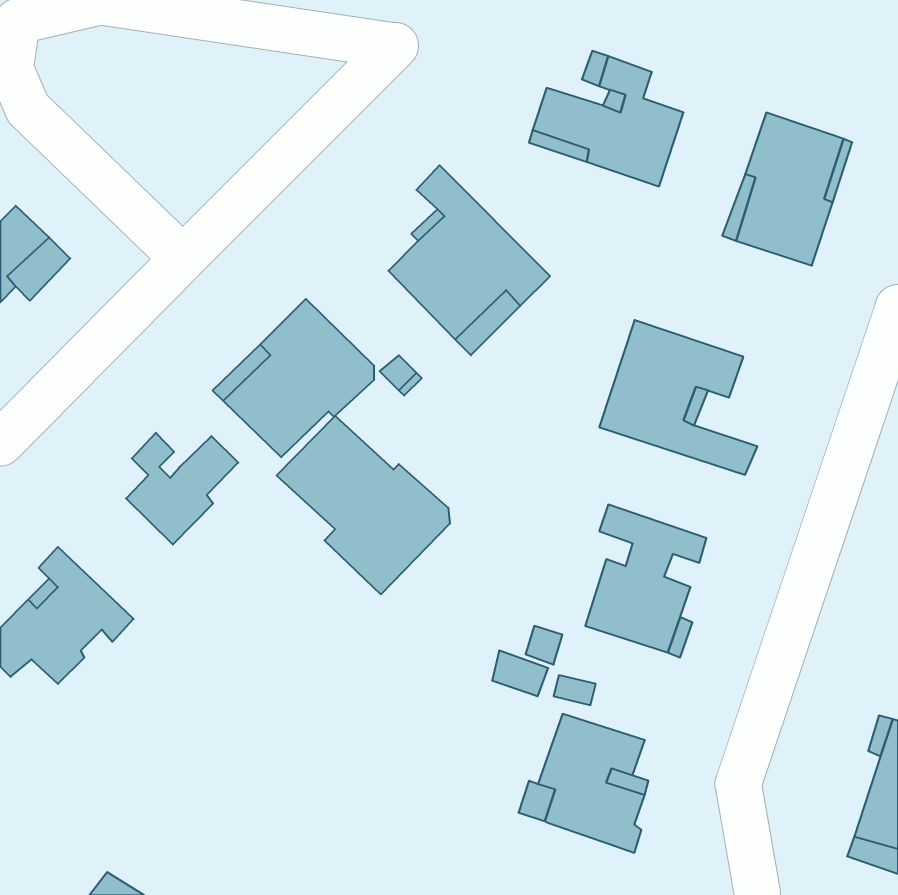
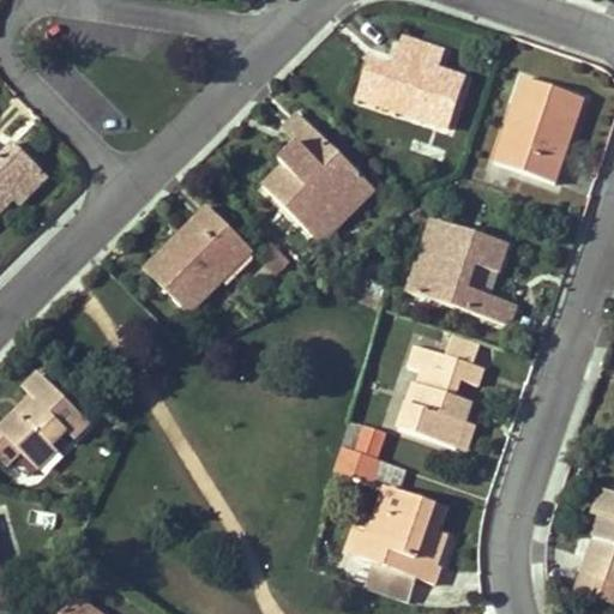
building: [277,416,450,594] -> none
building: [126,433,238,545] -> none
building: none -> [366,561,416,600]

